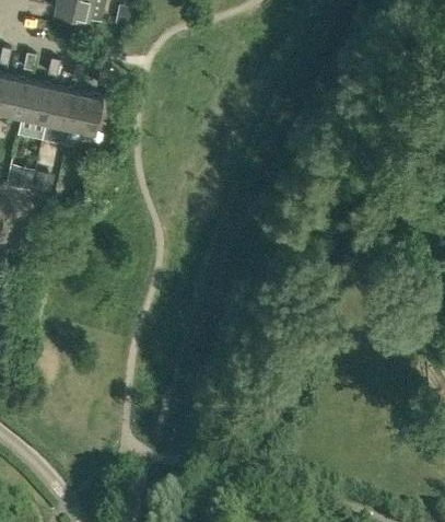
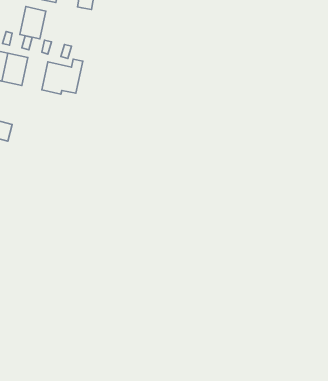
building: [45,89,78,129] -> [20,7,46,39]

